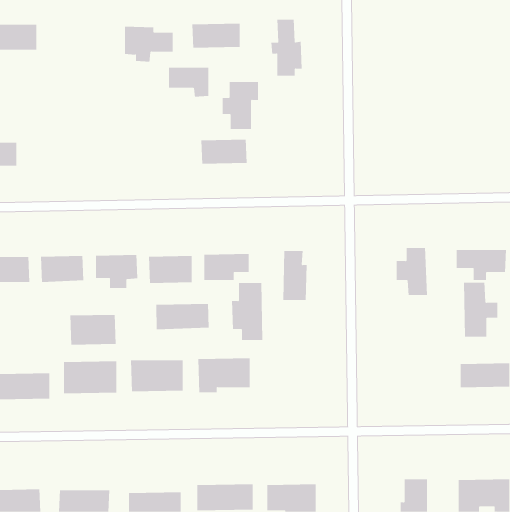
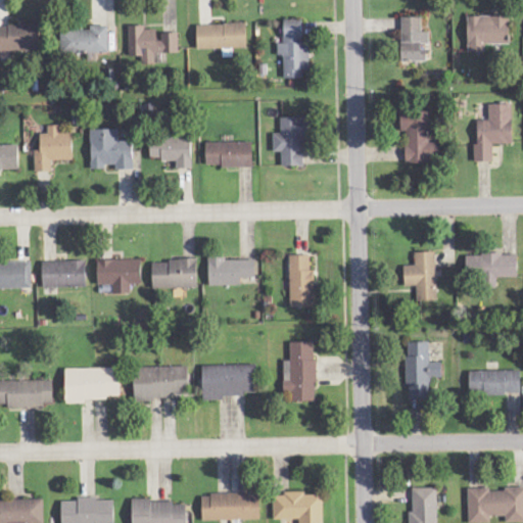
building: none -> [466,15,509,53]
building: none -> [400,16,428,61]
building: none -> [60,26,106,53]
building: [168,67,209,97] -> [149,138,191,169]
building: [222,81,259,130] -> [272,117,310,167]
building: none -> [472,104,512,162]
building: none -> [399,110,438,163]
building: none -> [33,126,72,172]
building: none -> [89,129,132,170]
building: [463,282,498,337] -> [406,342,441,398]
building: [231,283,263,341] -> [282,342,315,401]
building: [156,303,209,330] -> none
building: [70,314,116,345] -> none

